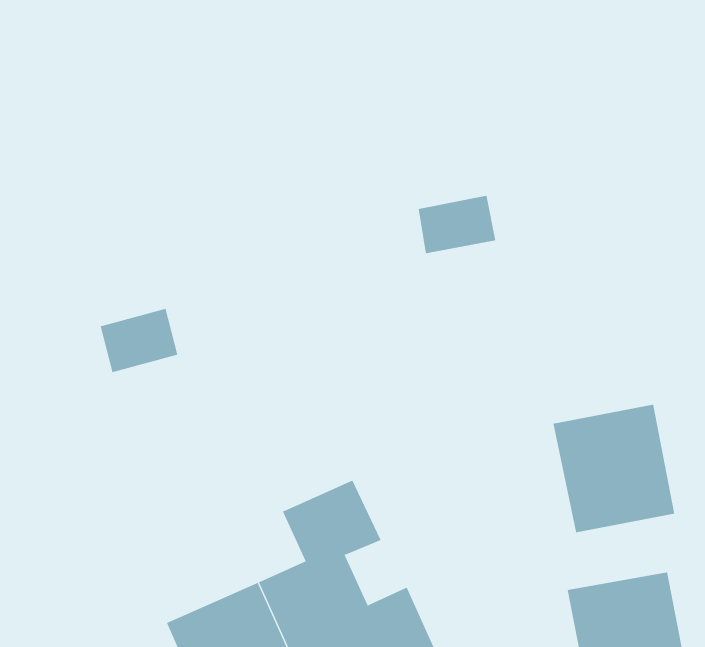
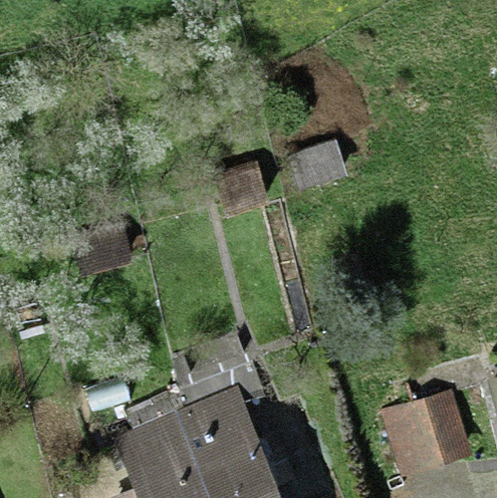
building: [553,404,675,533] -> none

